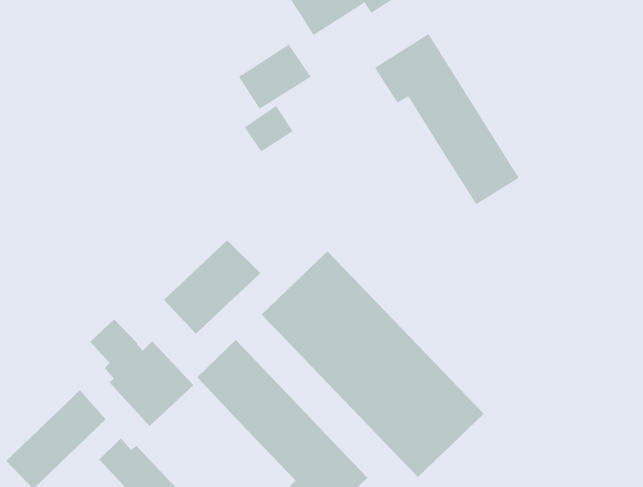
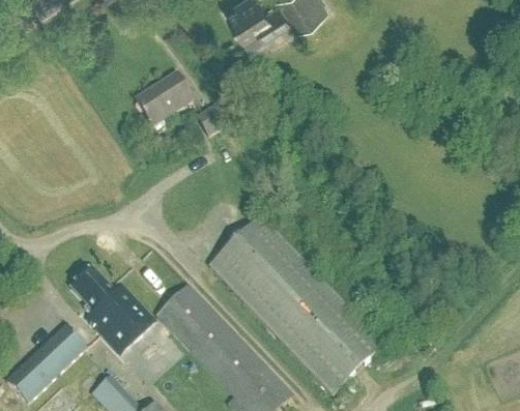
building: [374,33,520,205] -> none
building: [238,44,311,109] -> [136,72,194,124]
building: [163,240,261,334] -> none

